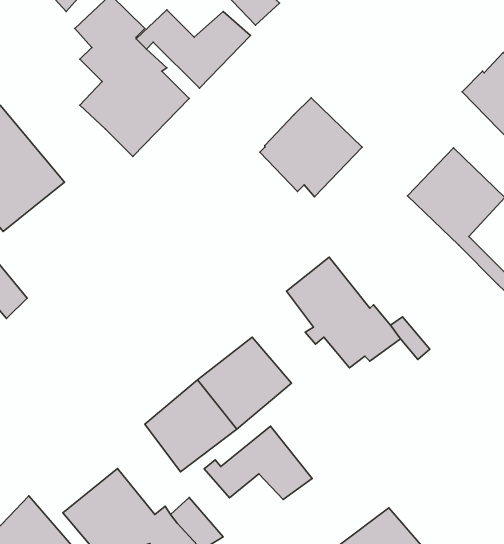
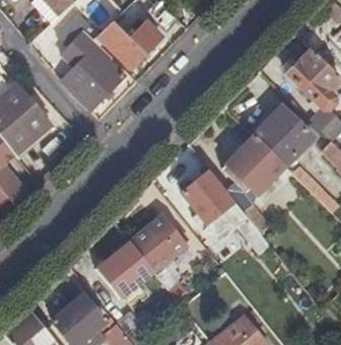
building: [260,98,362,197] -> [224,133,285,192]
building: [204,426,312,500] -> none

